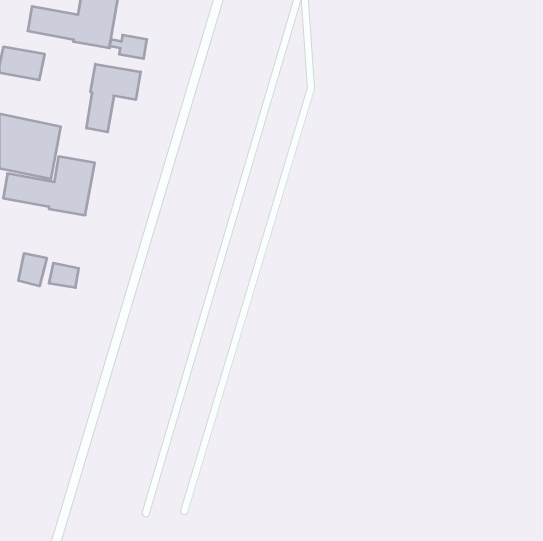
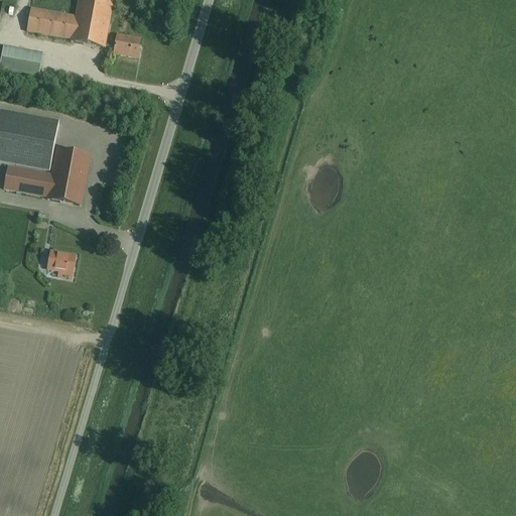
building: [87,64,141,132] -> none
building: [18,253,47,286] -> none

